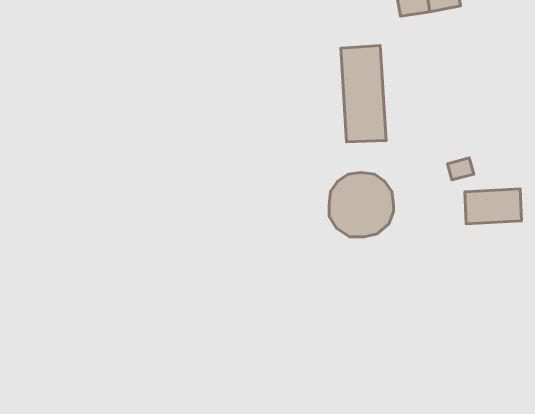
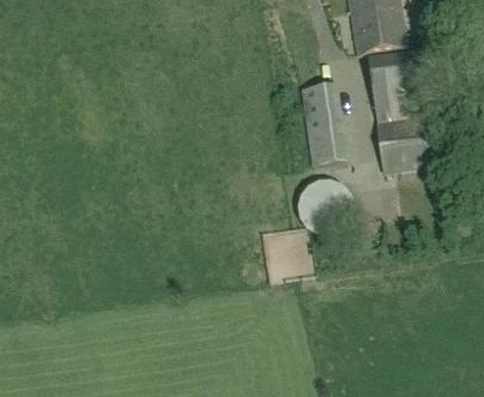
building: none -> [373,56,409,114]
building: [465,189,522,224] -> [376,131,423,160]

